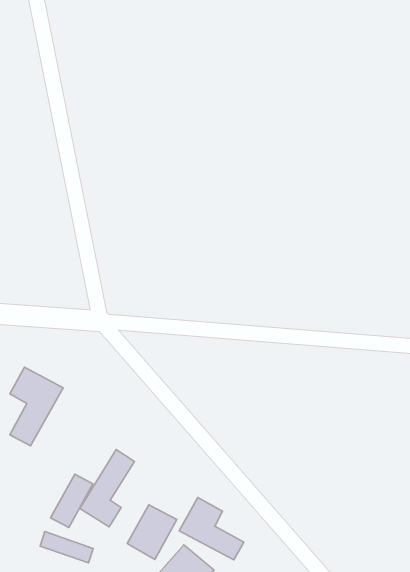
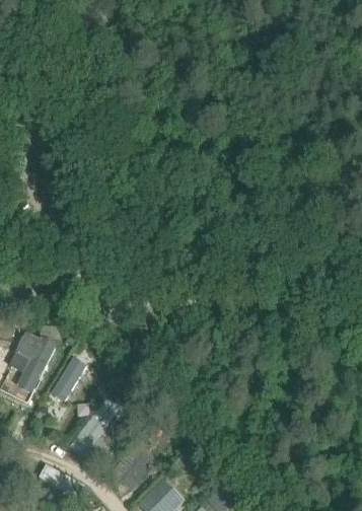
building: [51,474,93,527] -> [50,358,85,403]
building: [179,498,244,560] -> none

